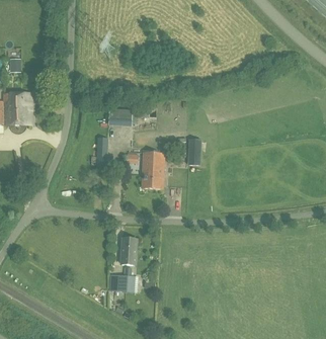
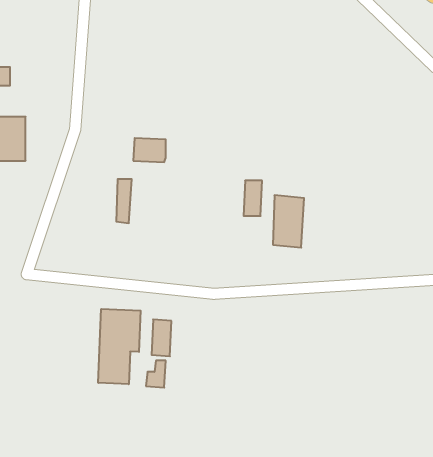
building: [142,152,164,189] -> [273,195,304,248]
building: none -> [98,309,141,384]

